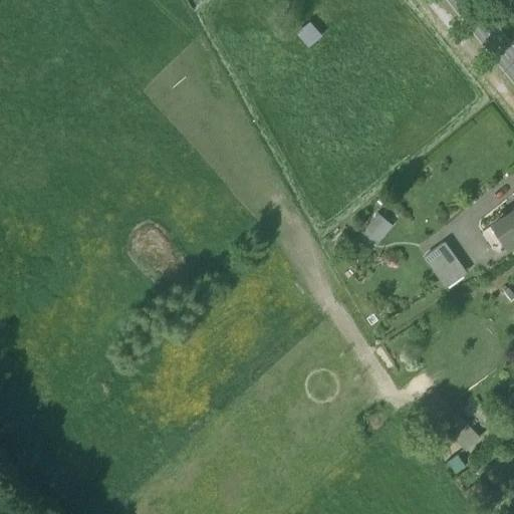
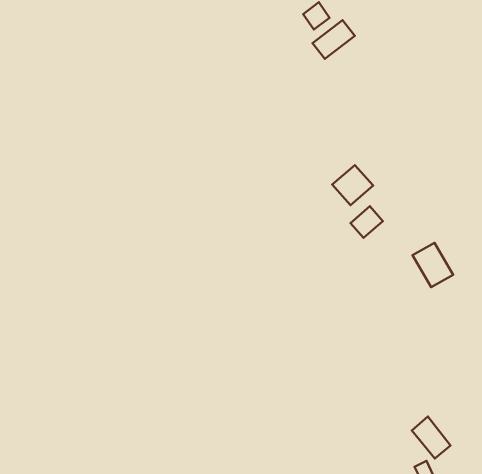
building: none -> [312,20,355,59]
building: none -> [332,165,373,205]

